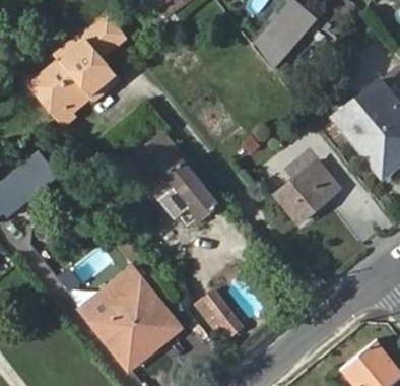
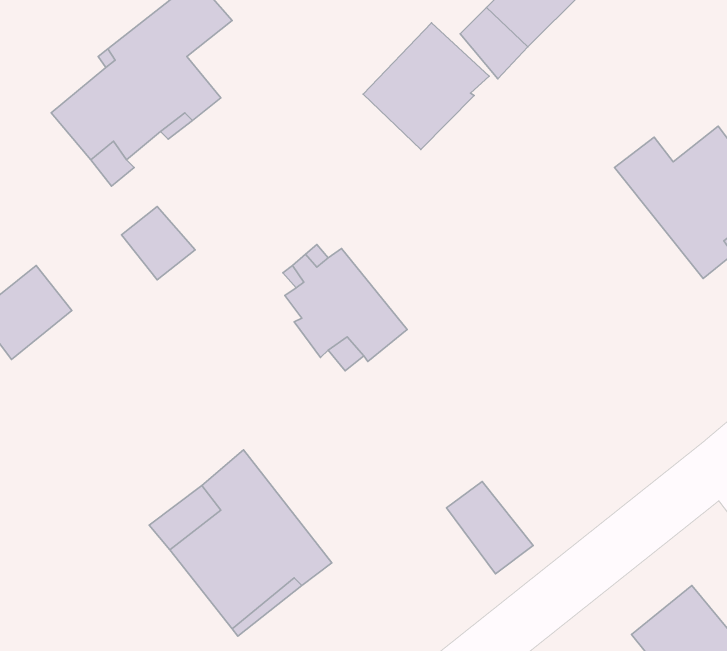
building: none -> [363,23,489,149]
building: [21,152,61,192] -> [122,207,195,280]
building: [275,159,340,222] -> none
building: [197,290,244,339] -> [446,482,533,574]

